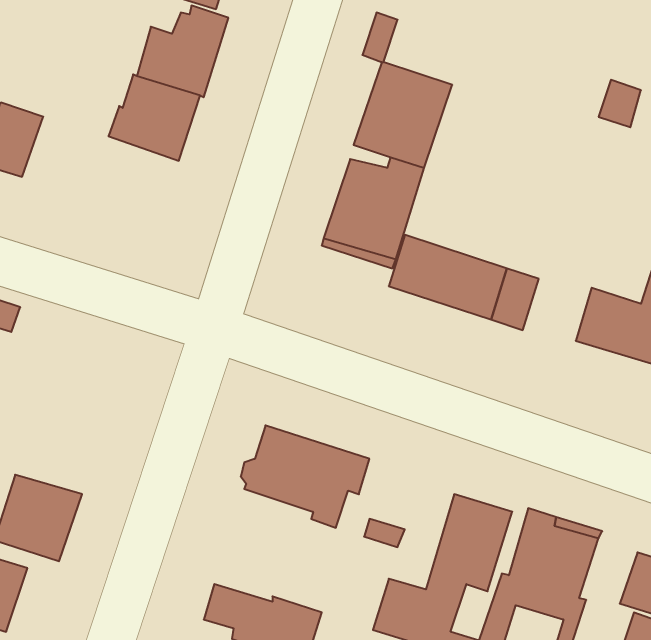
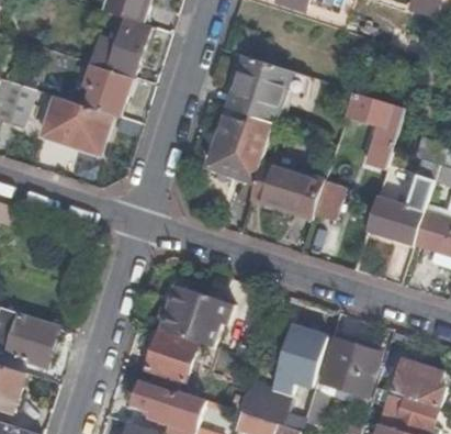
building: none -> [349,92,404,169]
building: none -> [42,97,112,154]
building: none -> [145,330,194,379]

